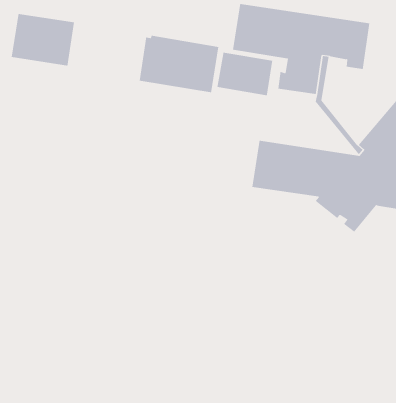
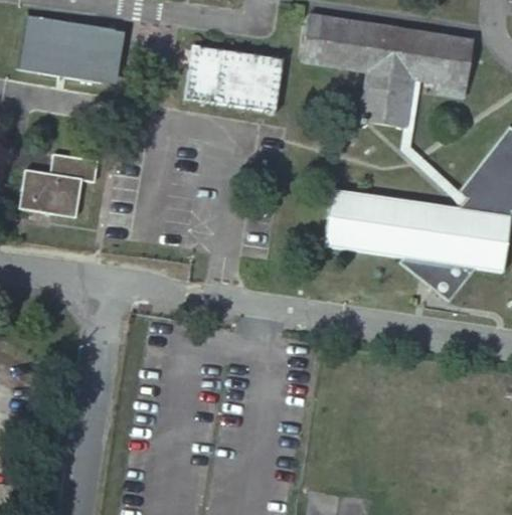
building: [217,52,273,96] -> none
building: none -> [20,149,97,211]

